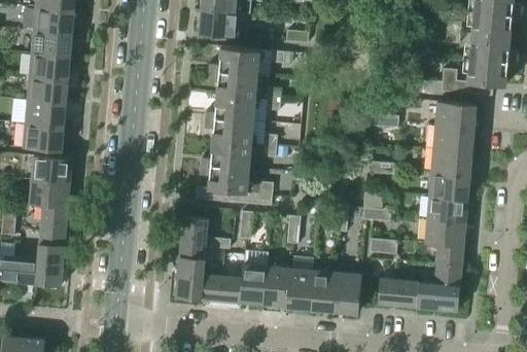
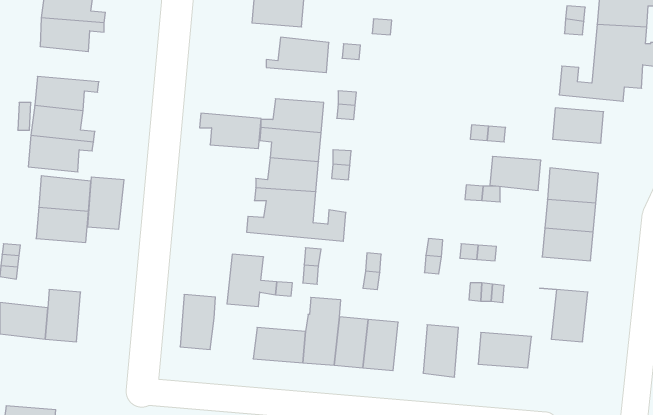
building: [30,52,79,80] -> none
building: [209,69,257,97] -> [200,113,261,149]
building: [433,126,473,152] -> [490,156,541,190]
building: [39,205,68,246] -> [87,177,124,229]
building: [425,218,465,246] -> none
building: [176,255,204,298] -> [180,295,215,349]
building: [310,270,337,310] -> none
building: [416,281,459,310] -> none

